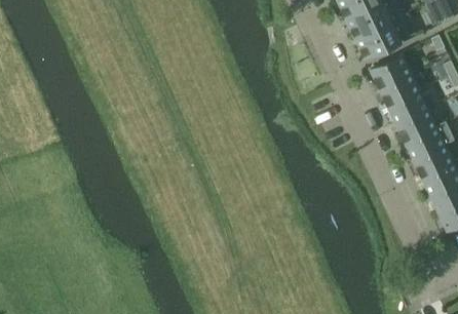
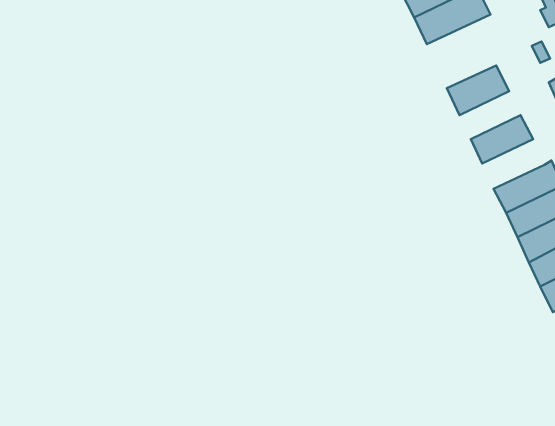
building: [354,15,410,57] -> none
building: [378,71,422,106] -> none
building: [394,106,440,142] -> none

